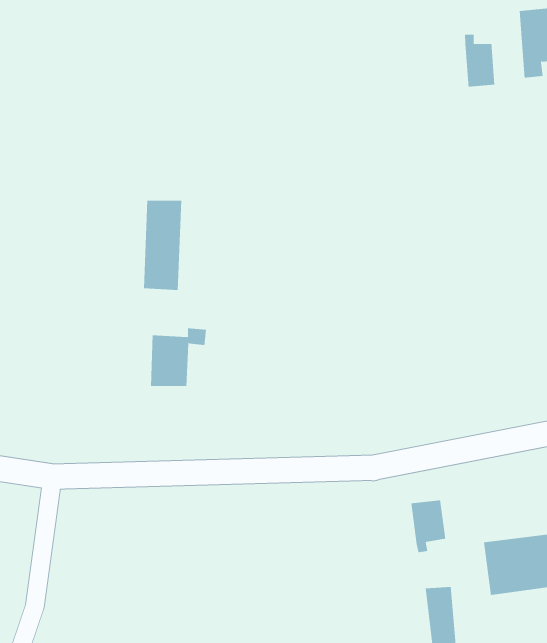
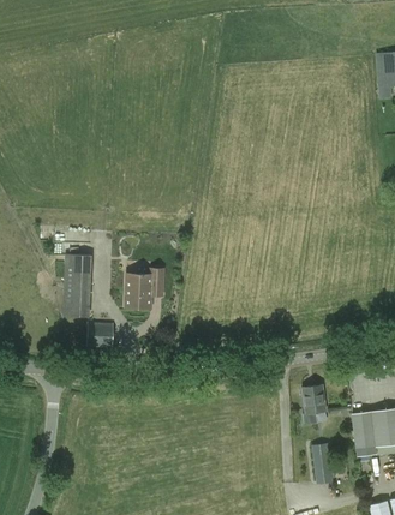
building: [465,34,495,88] -> none
building: [143,200,182,290] -> [64,256,90,317]
building: none -> [86,323,113,348]

